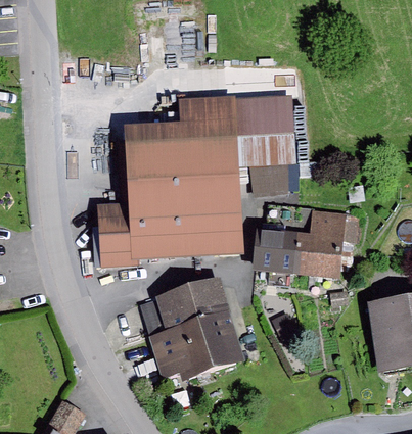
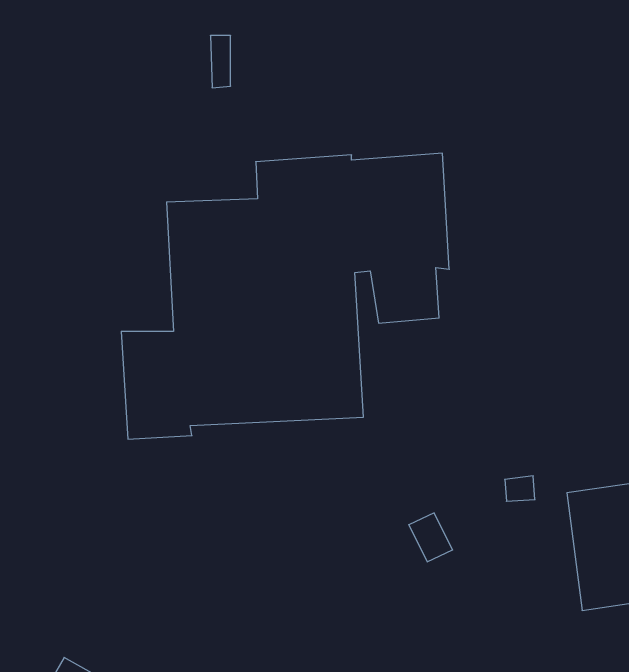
building: [251,206,357,279] -> none
building: [137,276,247,389] -> none

